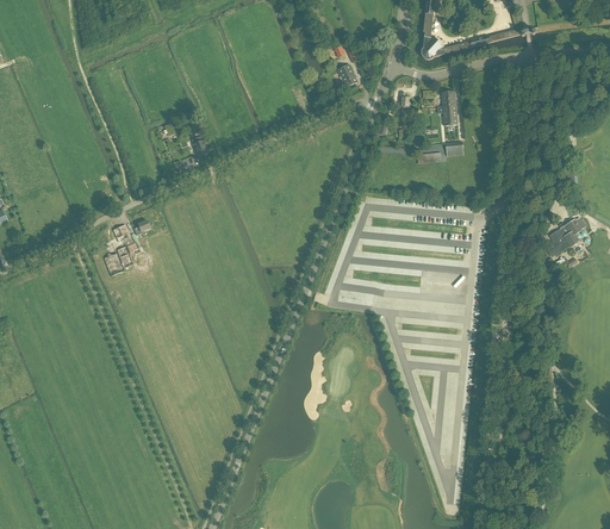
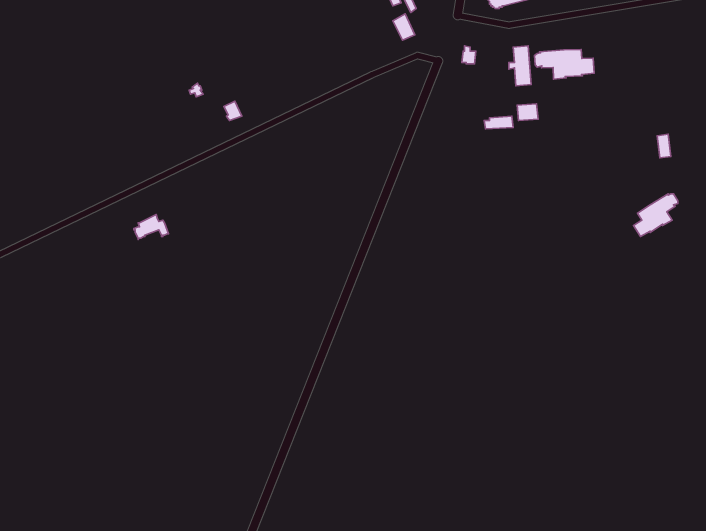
building: none -> [534,49,594,79]

